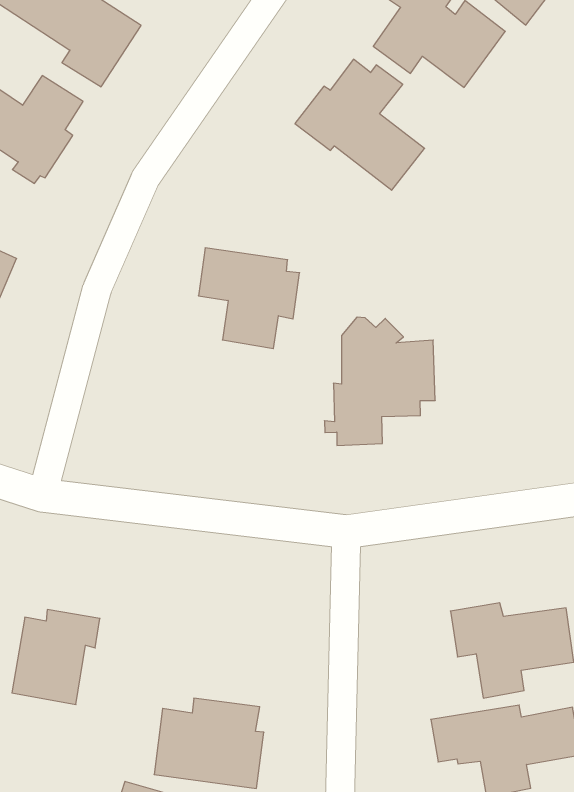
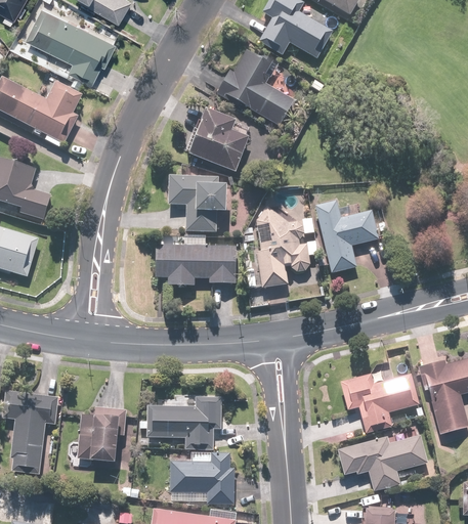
building: none -> [187,108,248,173]
building: none -> [313,200,378,273]
building: none -> [155,234,236,286]
building: none -> [145,395,222,448]

